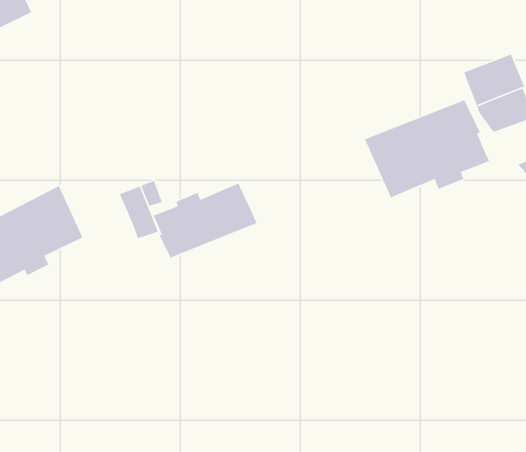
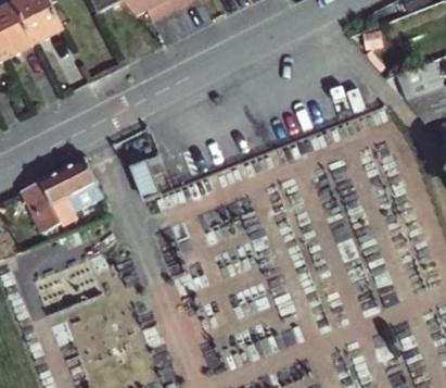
building: [364,99,490,199] -> none
building: [152,183,258,258] -> none

